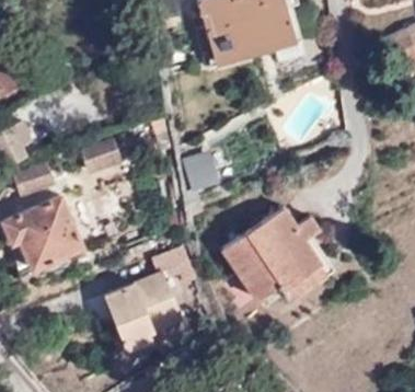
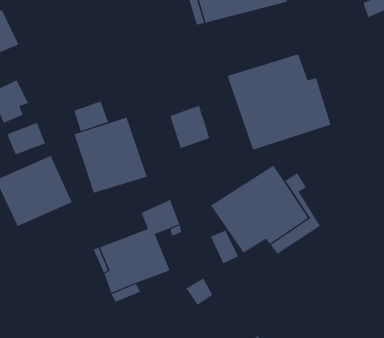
building: none -> [227,54,331,150]
building: none -> [74,117,147,193]

